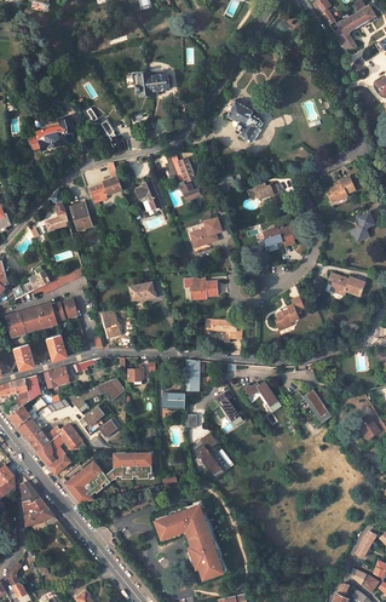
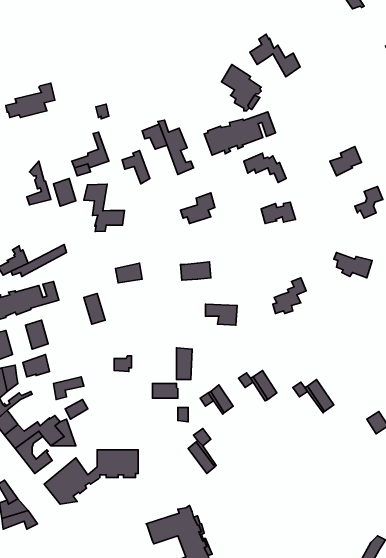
building: [133,73,167,94] -> none
building: none -> [250,34,300,77]
building: none -> [204,112,275,155]
building: none -> [84,184,125,232]

